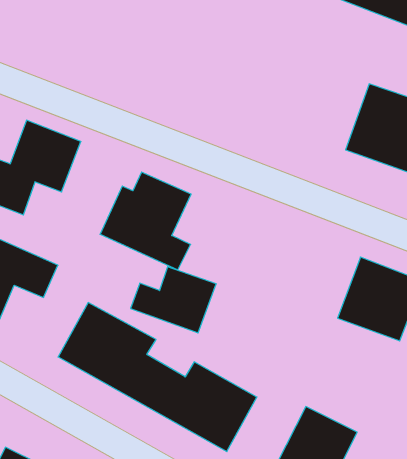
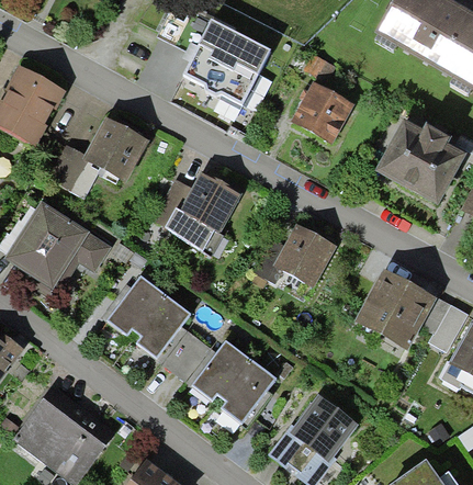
building: none -> [187,24,270,105]
building: none -> [295,54,360,147]
building: [131,267,216,333] -> [258,224,336,285]

